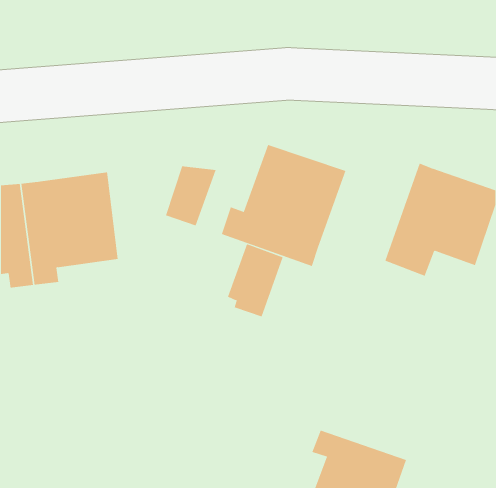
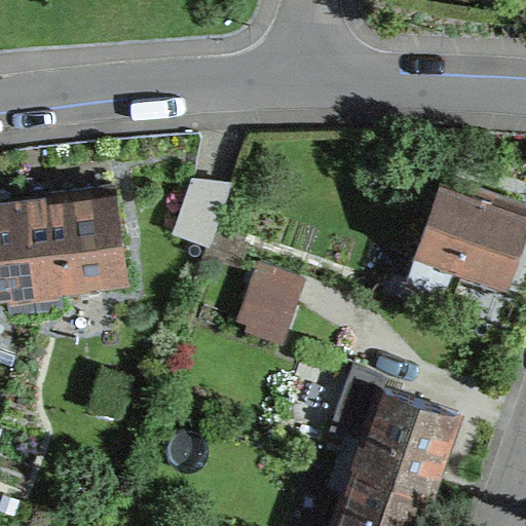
building: [221,144,346,267] -> none
building: none -> [330,369,458,495]

